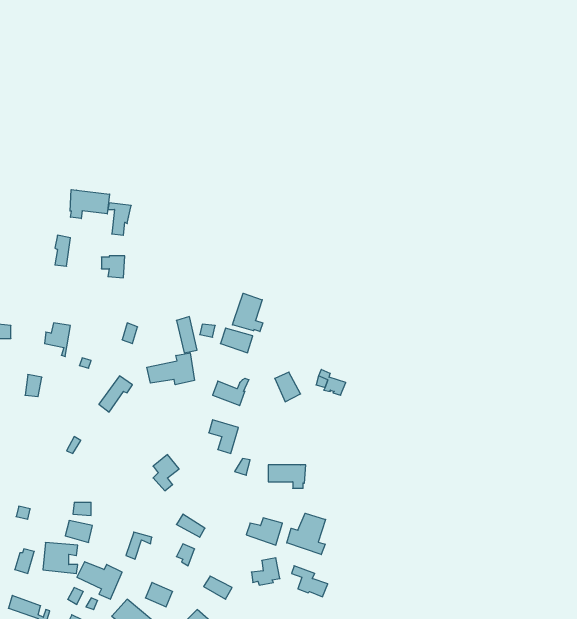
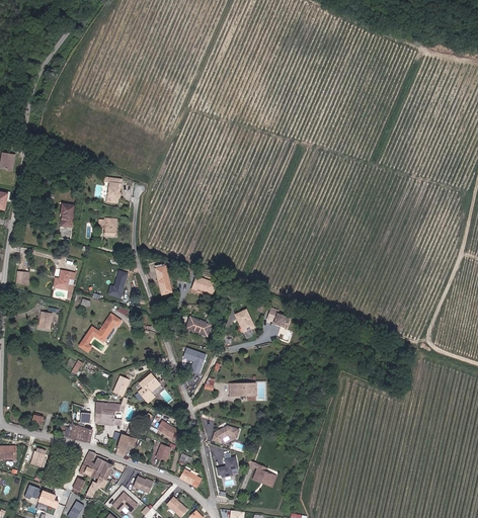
building: [70,190,110,219] -> none
building: [232,293,263,332] -> none
building: [147,353,194,385] -> none
building: [287,513,326,555] -> none
building: [43,543,78,574] -> [94,402,122,426]

